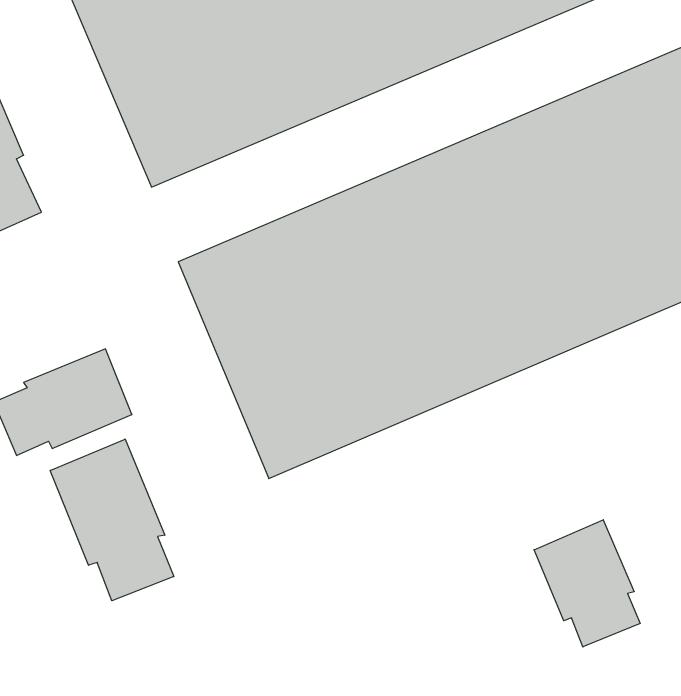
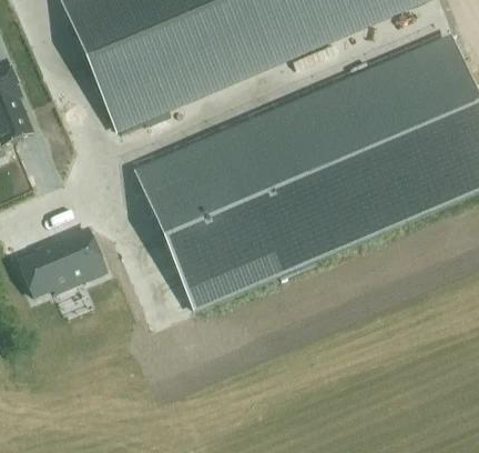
building: [50,439,174,601] -> none
building: [534,520,640,647] -> none

